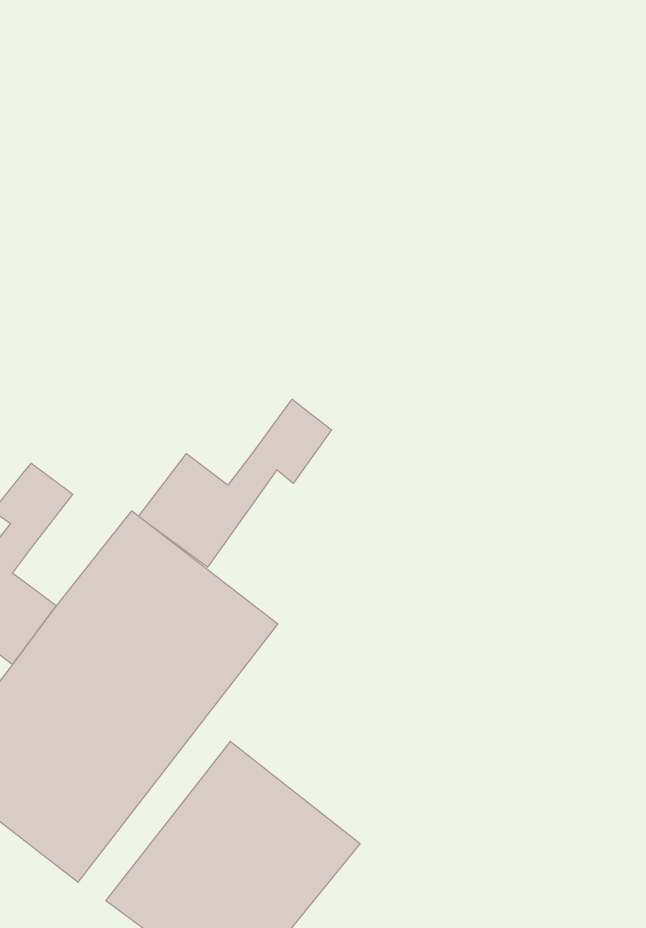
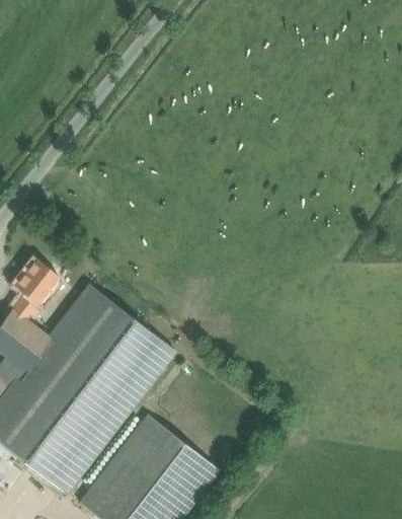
building: [139,399,332,567] -> none

